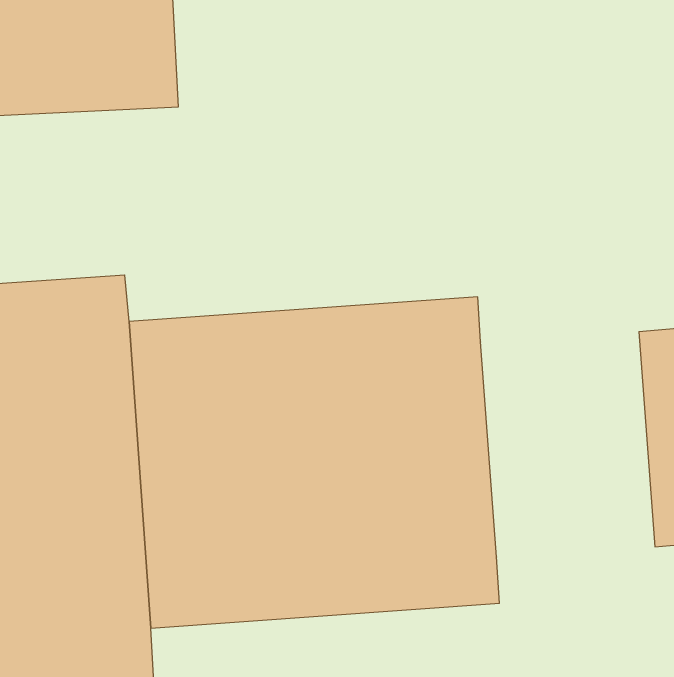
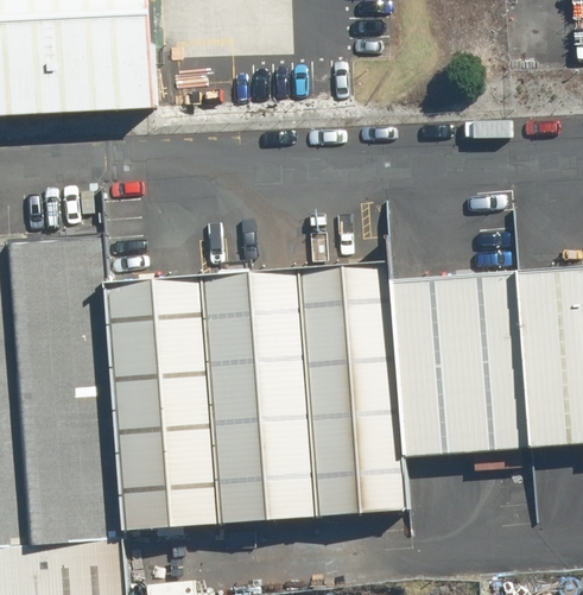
building: none -> [395,286,538,470]

